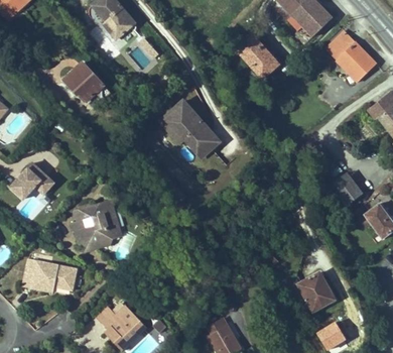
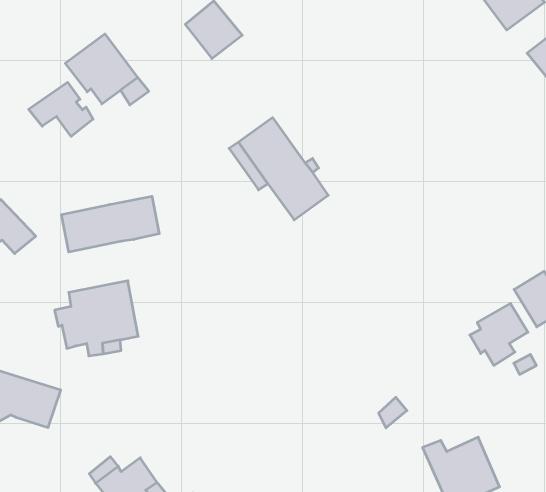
building: [236,34,278,78] -> none
building: none -> [29,82,93,136]
building: none -> [61,196,159,252]
building: none -> [470,303,528,365]

